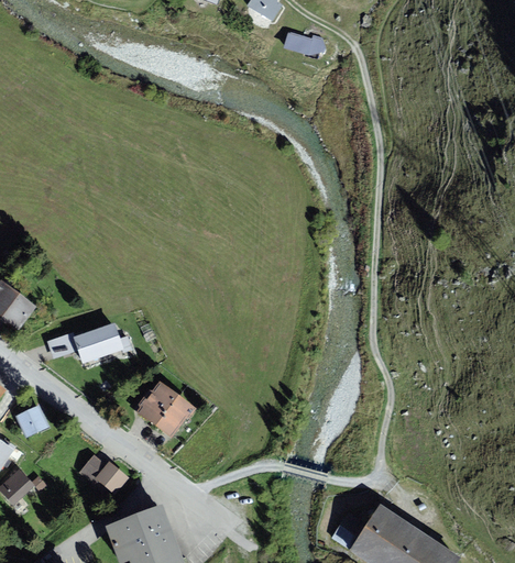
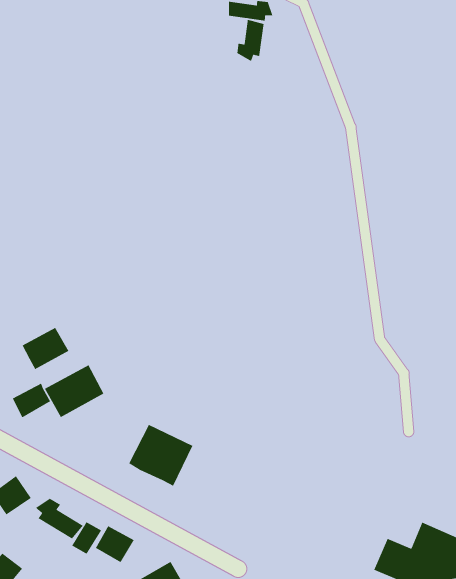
building: none -> [237,19,265,62]
building: none -> [21,327,69,370]
building: none -> [35,498,84,540]

